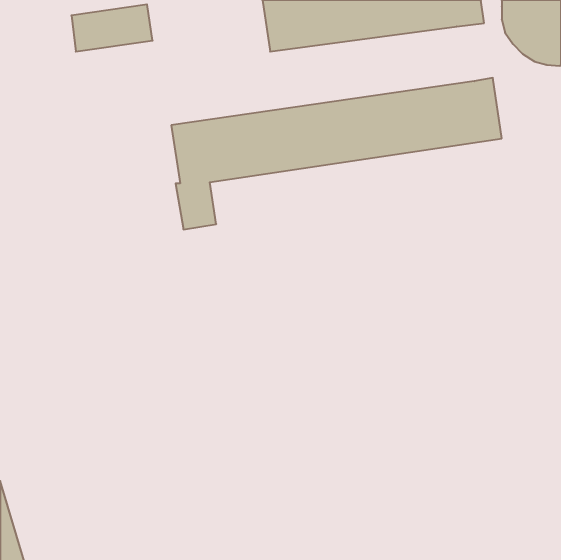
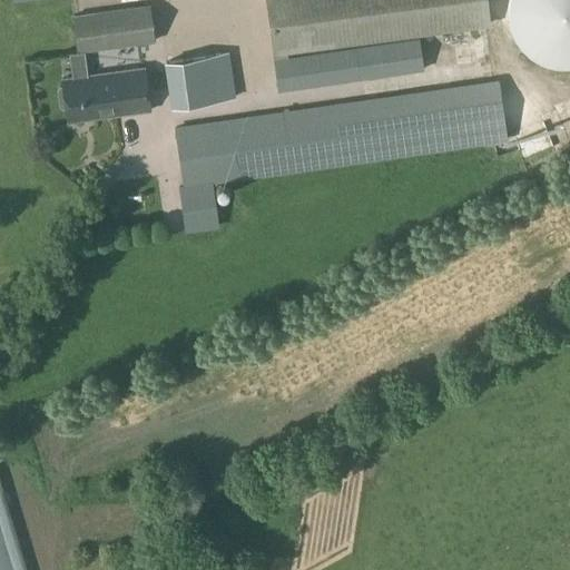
building: none -> [274,39,423,92]
building: none -> [164,53,236,108]
building: none -> [61,70,150,122]

